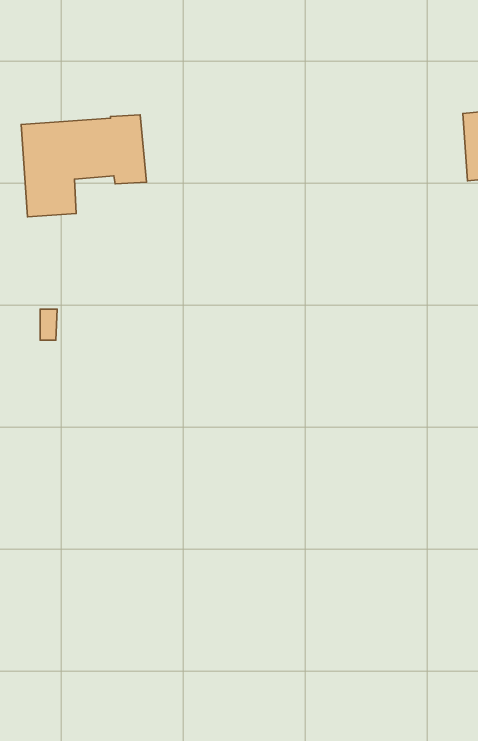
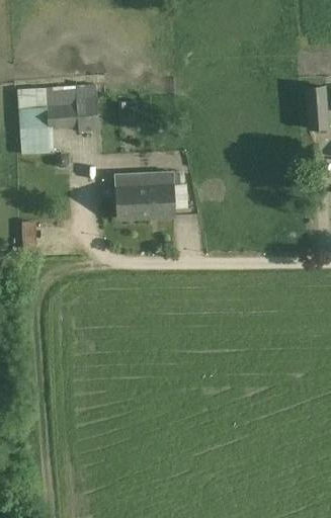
building: none -> [113,171,181,217]

